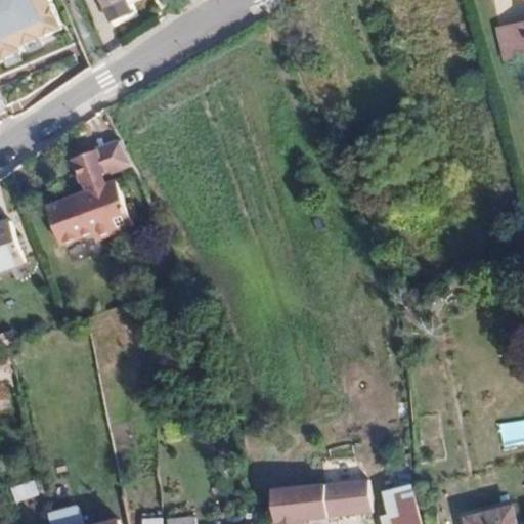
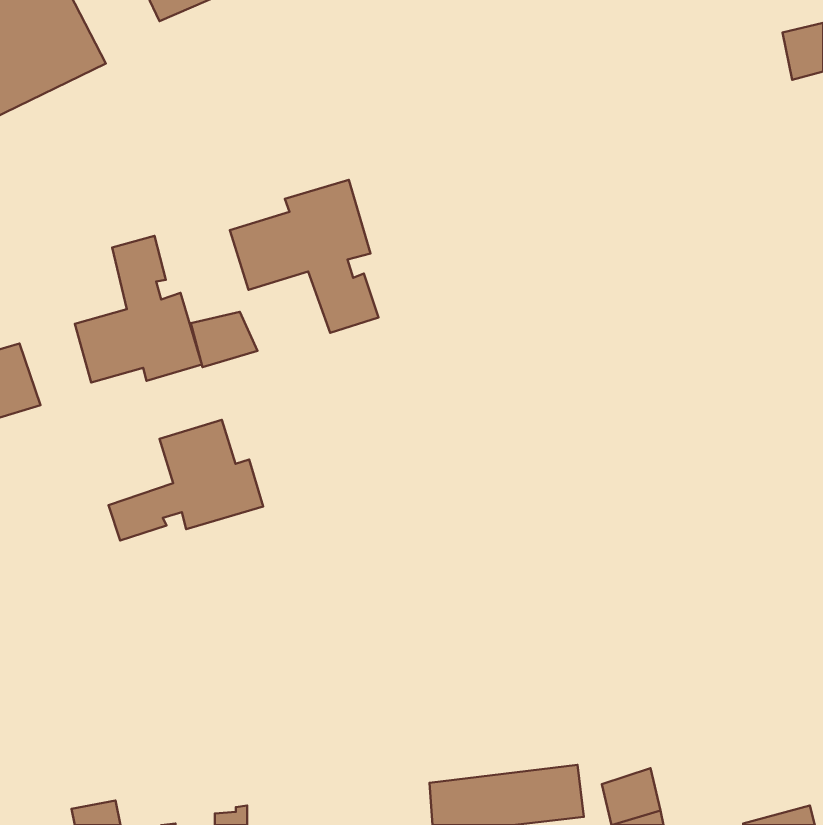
building: none -> [230,180,378,333]
building: [97,141,139,176] -> [191,312,258,367]
building: none -> [109,420,263,541]

